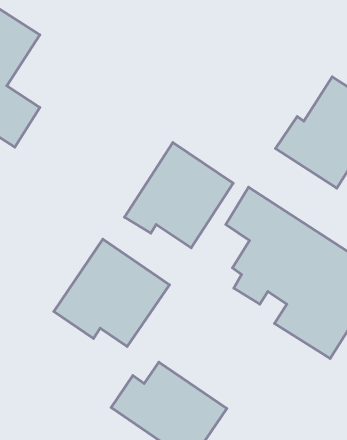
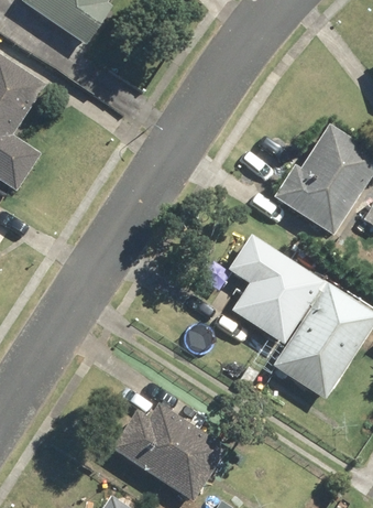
building: [124,142,233,248] -> none
building: [54,239,169,347] -> none

